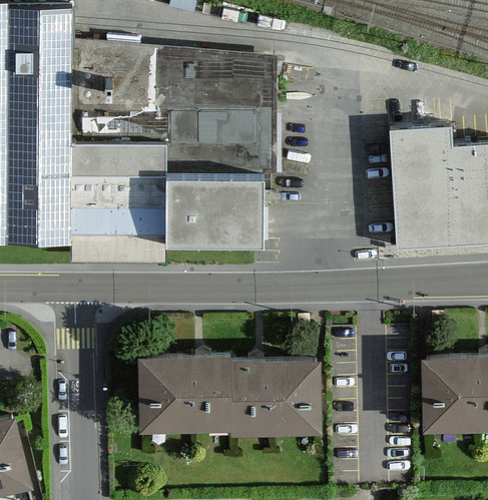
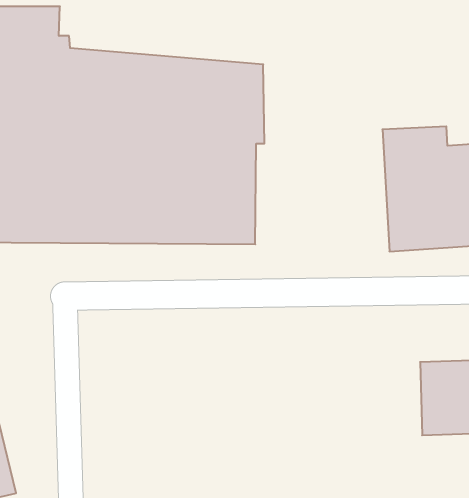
building: [143,358,318,435] -> none

